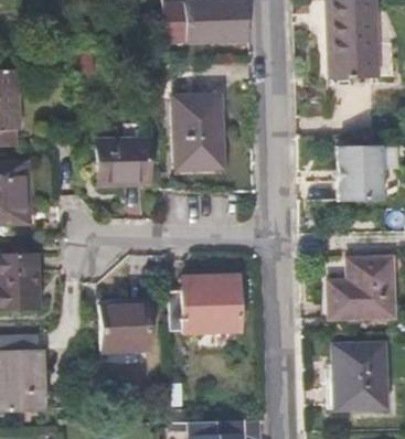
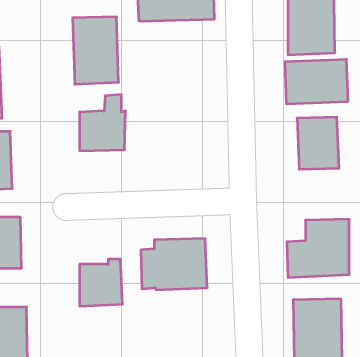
building: none -> [285,59,348,104]
building: [172,95,222,168] -> [73,17,119,84]

